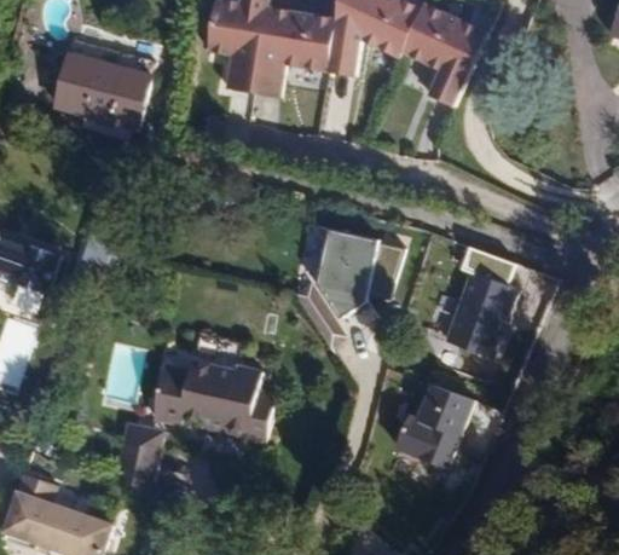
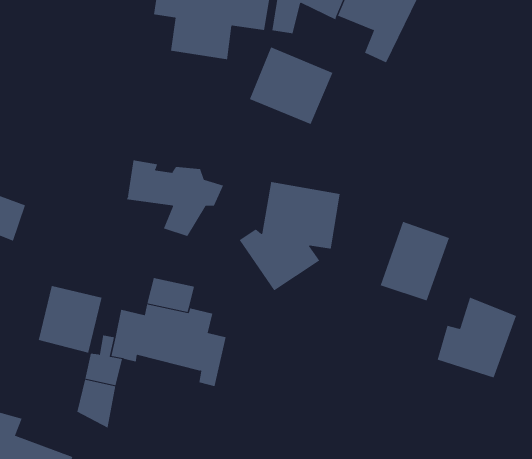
building: [57,53,154,128] -> none
building: none -> [249,47,333,125]
building: none -> [126,160,224,237]
building: none -> [38,285,102,353]
building: [391,378,476,466] -> [437,297,517,378]

